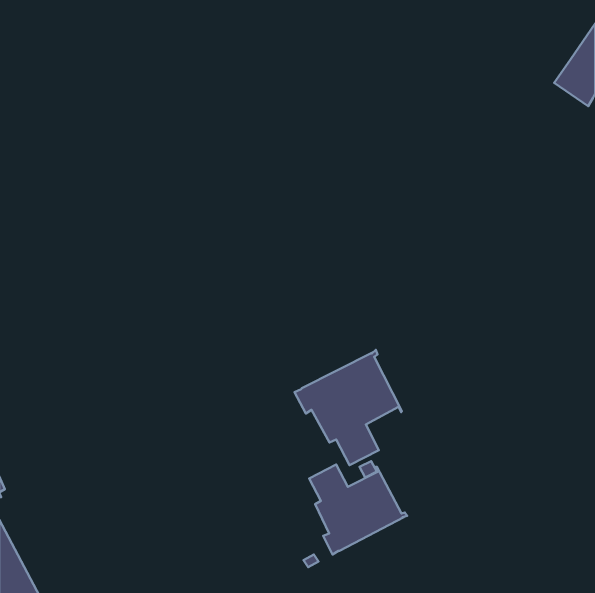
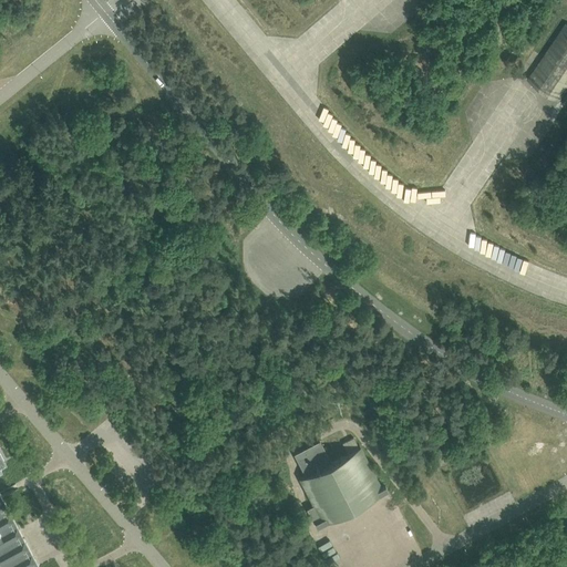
building: [294,350,402,465] -> none

